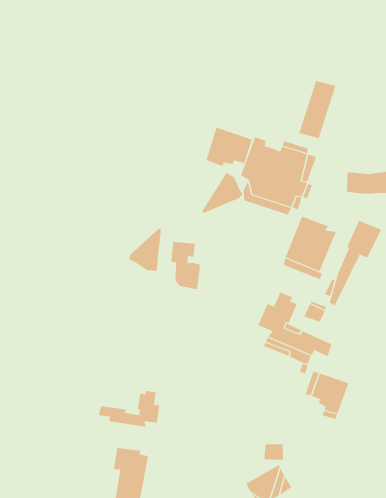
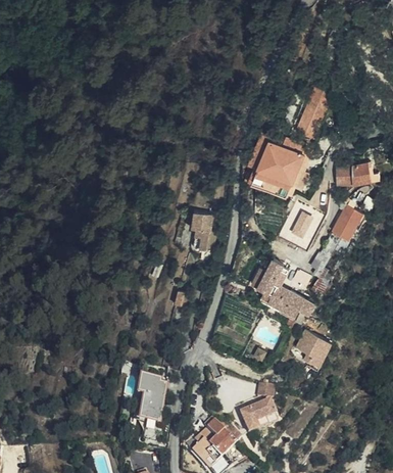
building: [206,127,253,167] -> none
building: [201,172,243,214] -> none
building: [128,228,161,271] -> none
building: [98,390,160,427] -> none

